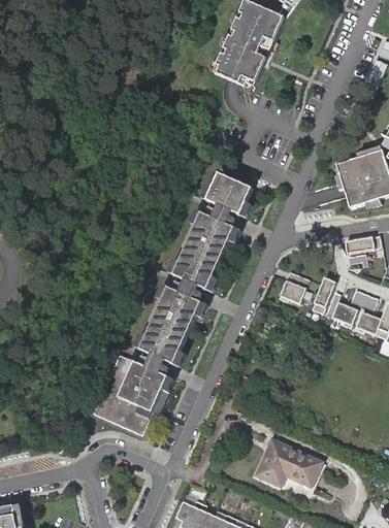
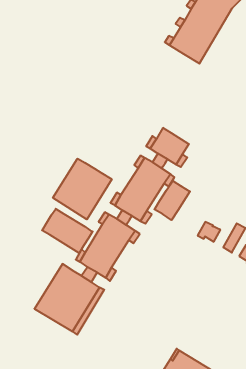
building: none -> [53,159,112,219]
building: none -> [154,181,190,220]
building: none -> [42,209,93,253]

